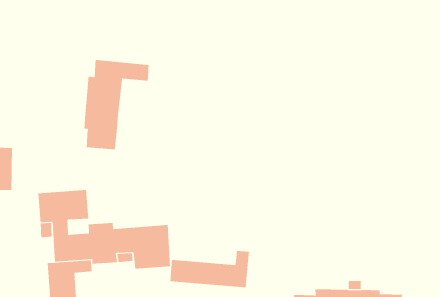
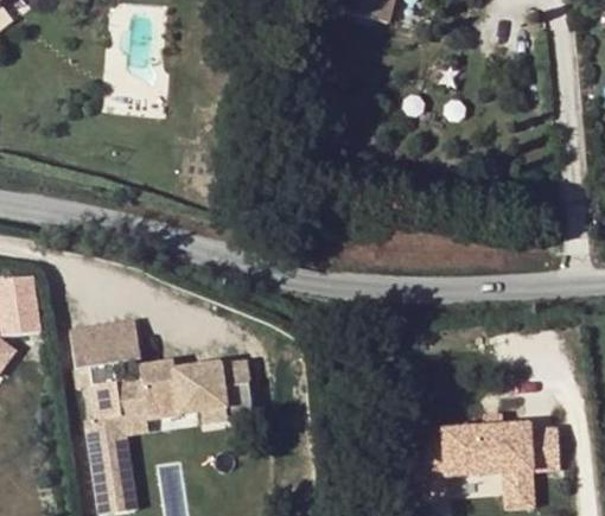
building: [84,59,149,150] -> none
building: [170,250,249,288] -> none

